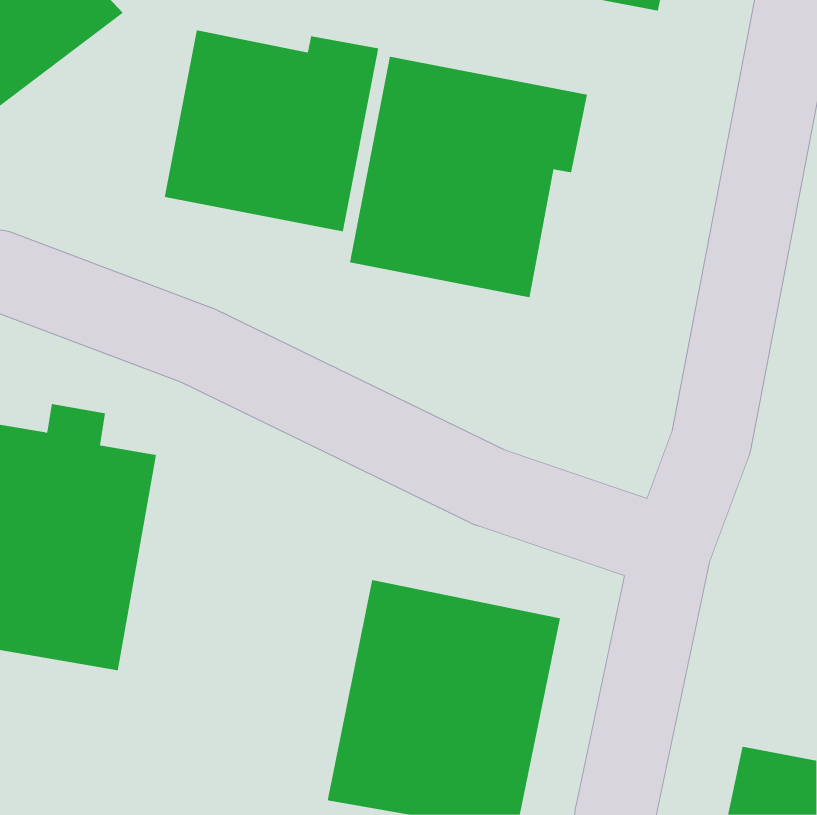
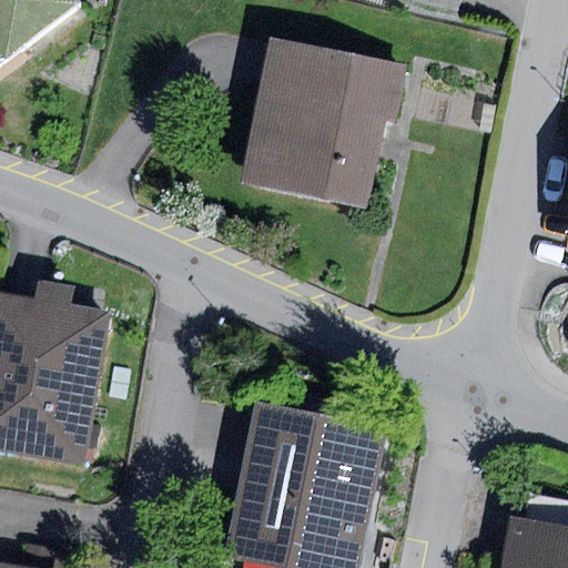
building: [164,30,379,232] -> none

